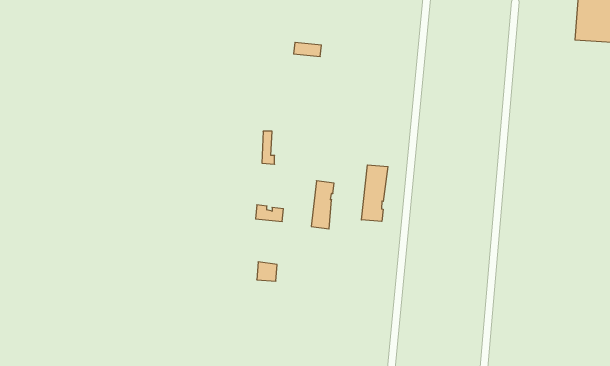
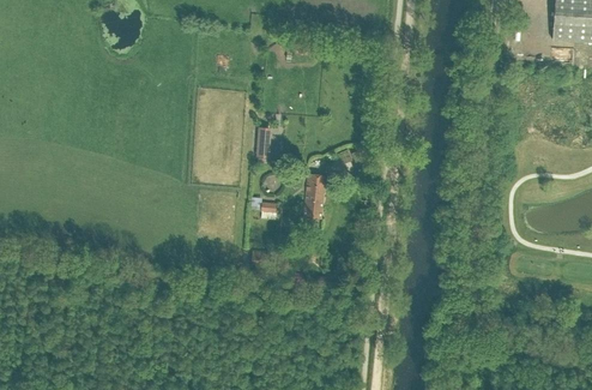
building: [361,165,388,221] -> none

